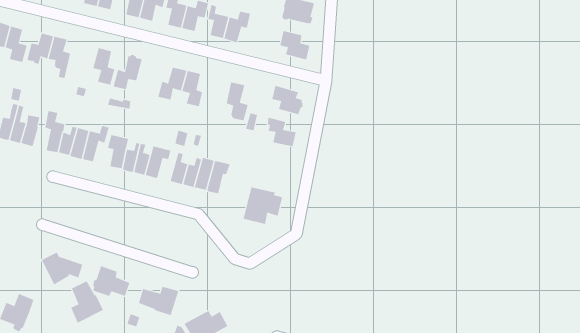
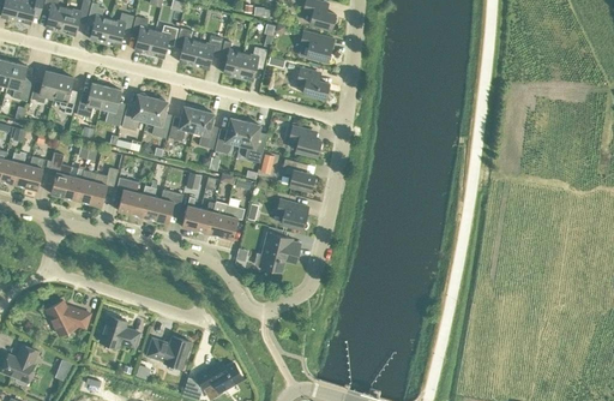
building: none -> [76,82,106,116]
building: none -> [146,97,170,138]
building: none -> [215,118,245,152]
building: none -> [276,199,308,228]
building: [71,280,104,323] -> none

